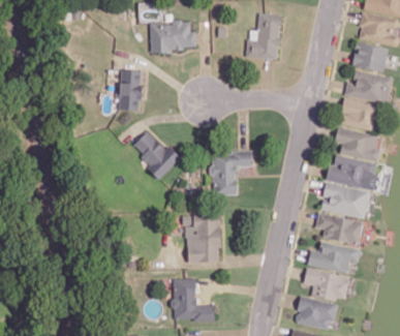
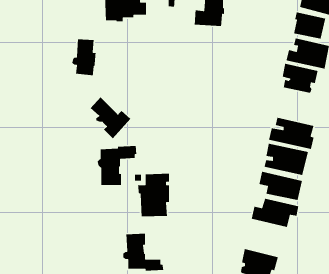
building: [334,128,380,162] -> none
building: [209,151,252,194] -> [97,145,137,186]
building: [304,269,348,301] -> none

